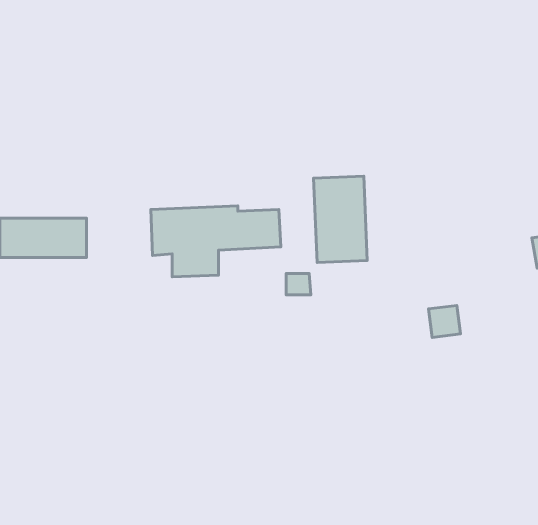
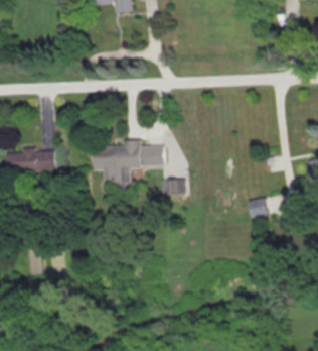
building: [314,176,367,262] -> none

